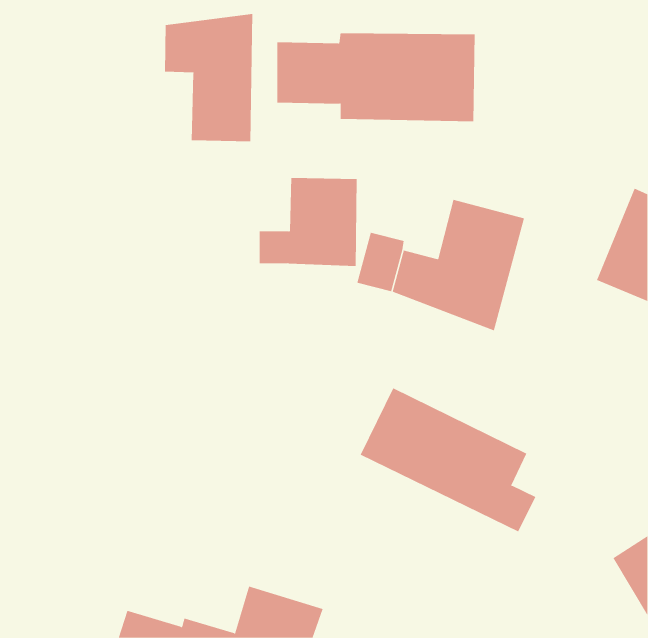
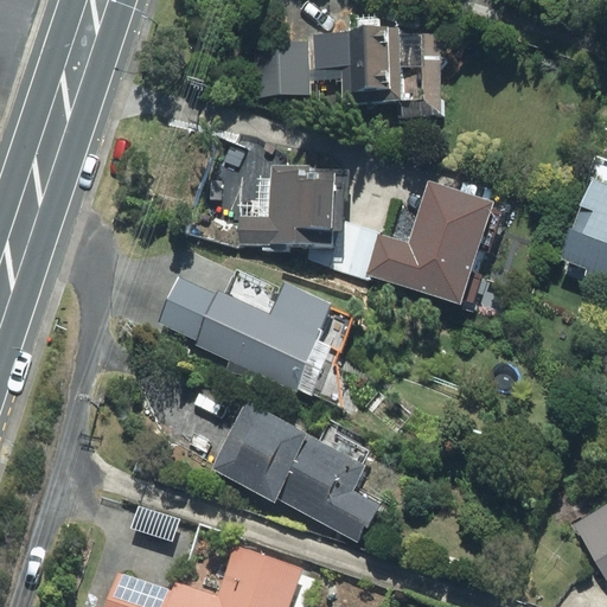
building: [165,13,253,142] -> none
building: none -> [168,279,336,395]
building: [360,388,536,532] -> [211,404,376,539]

